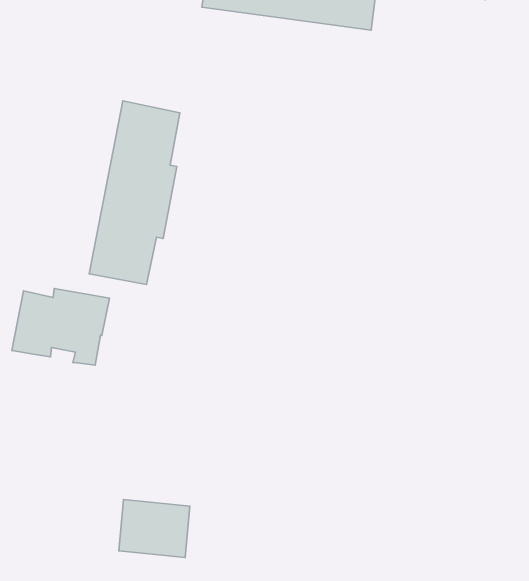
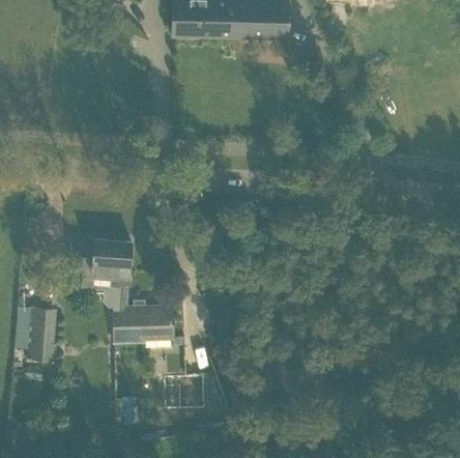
building: [89,101,180,284] -> none
building: none -> [114,306,173,344]

